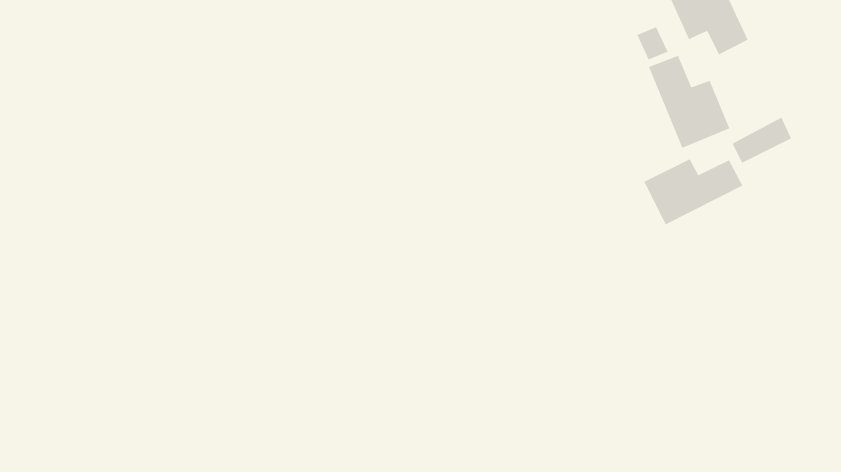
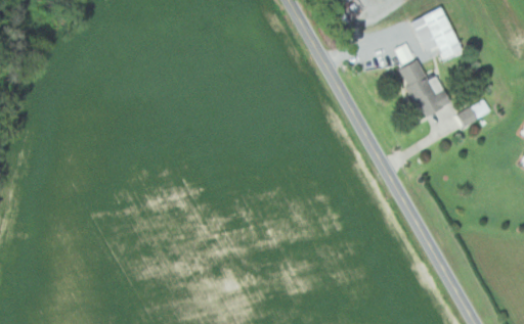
building: [644,158,743,225] -> none

